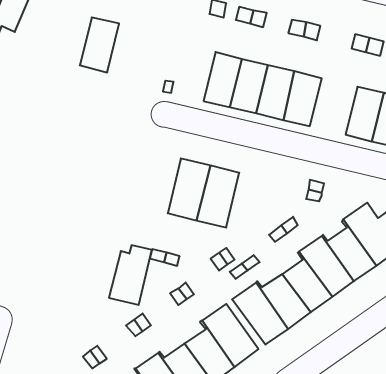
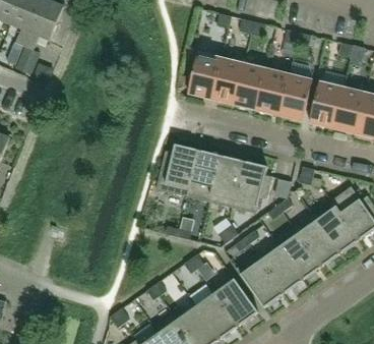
building: [80,17,119,72] -> [188,51,222,98]
building: none -> [309,80,342,126]
building: none -> [231,159,272,212]
building: [109,245,152,305] -> [155,142,192,193]

